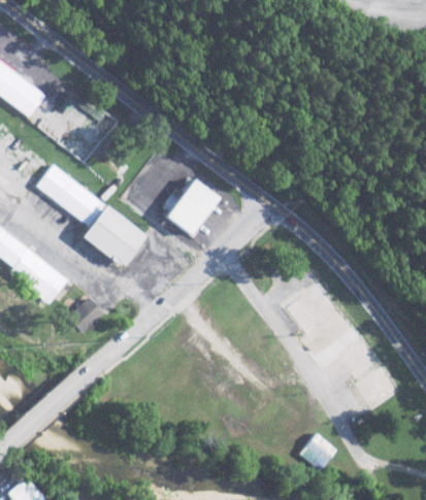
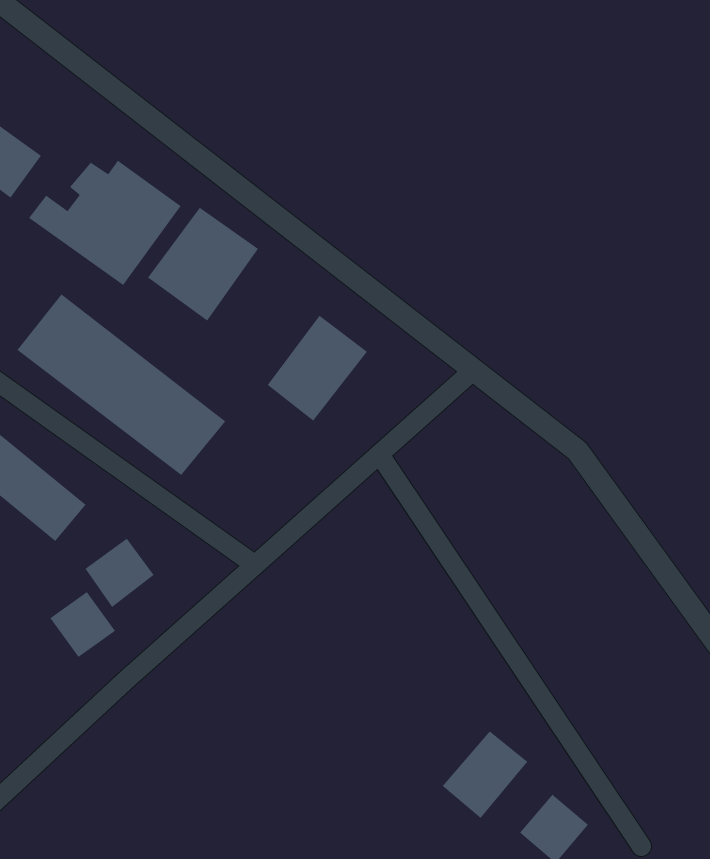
building: none -> [147,207,259,321]
building: none -> [50,591,116,658]
building: none -> [442,730,528,819]

